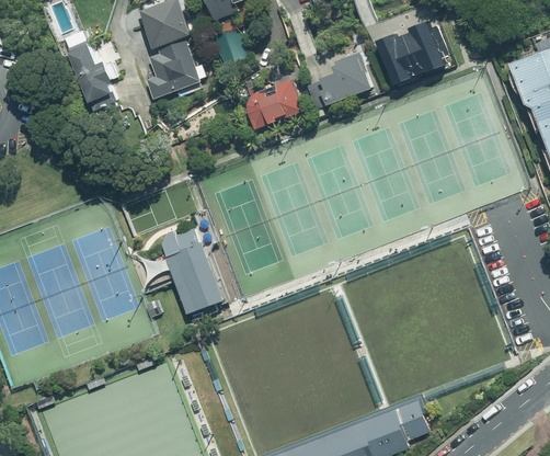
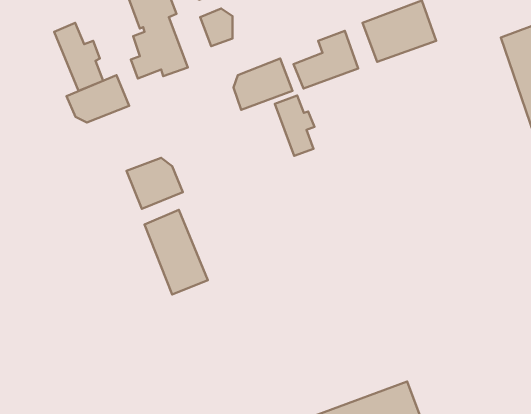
building: none -> [66,75,129,122]
building: none -> [275,95,315,156]
building: none -> [127,158,183,209]

